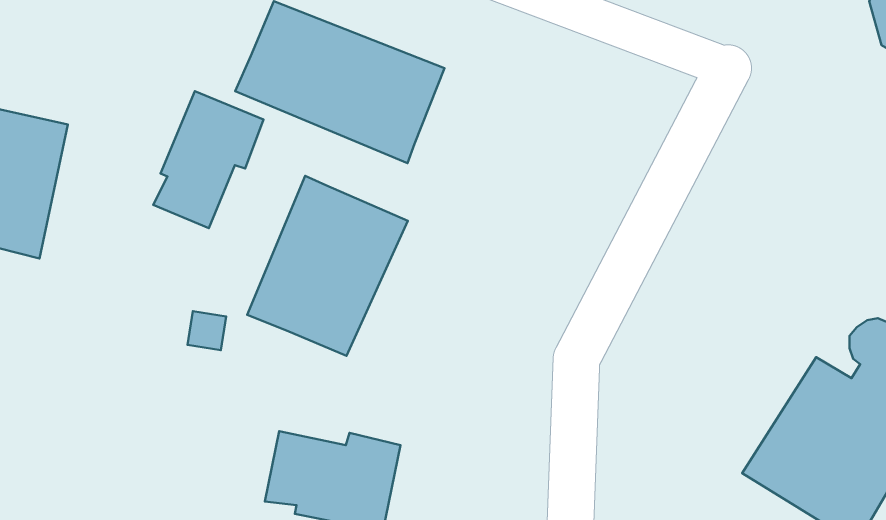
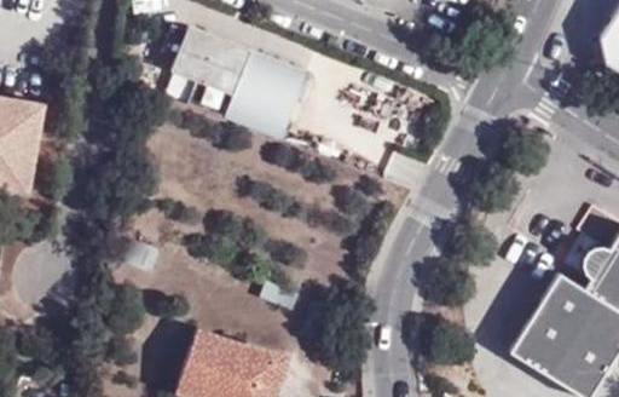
building: [153,91,264,228] -> none
building: [247,176,408,356] -> none

